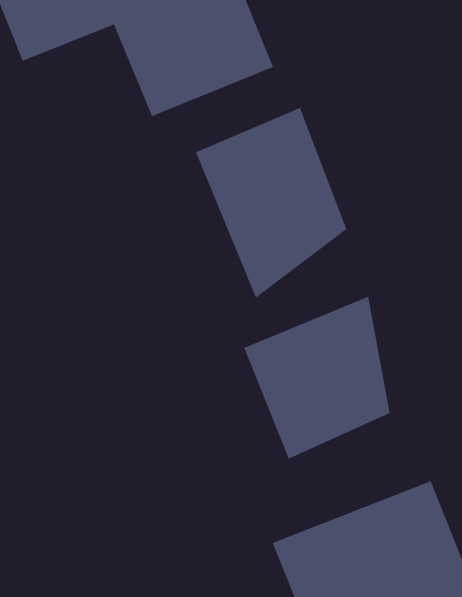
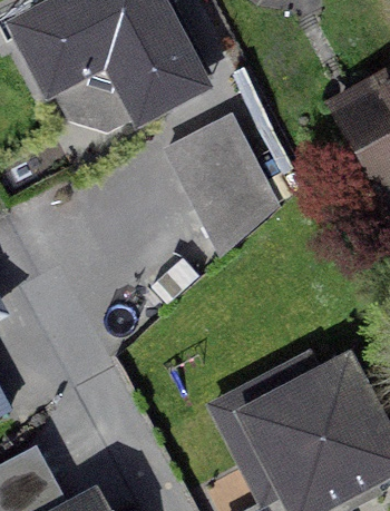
building: [244,296,390,460] -> none

